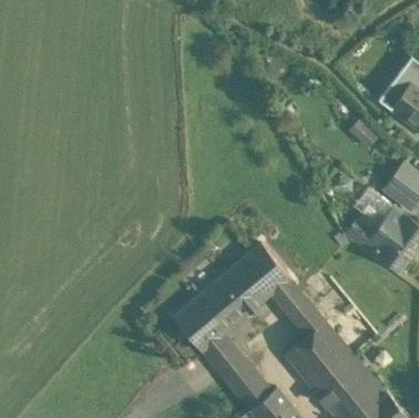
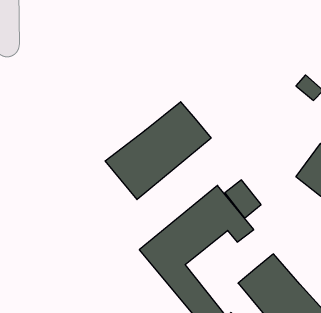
building: none -> [105,102,211,200]
building: [282,293,323,336] -> [225,180,261,218]

